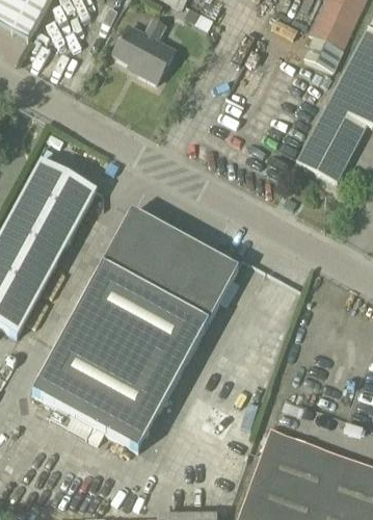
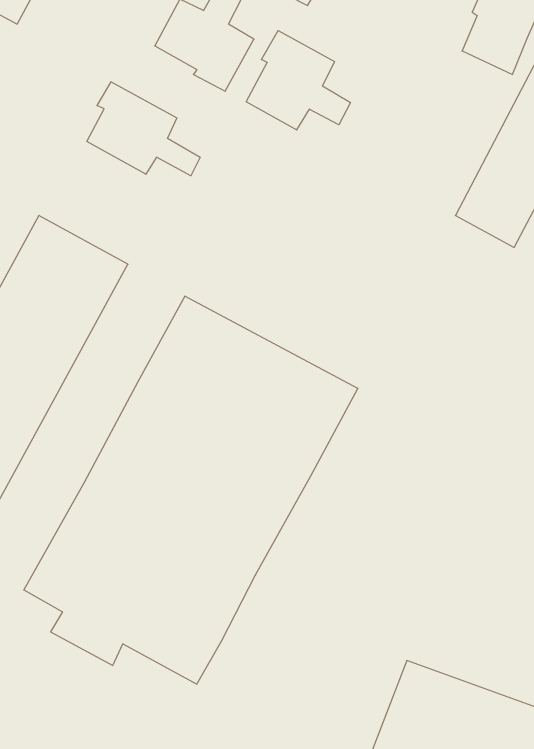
building: none -> [246,31,350,130]
building: none -> [87,82,200,176]

